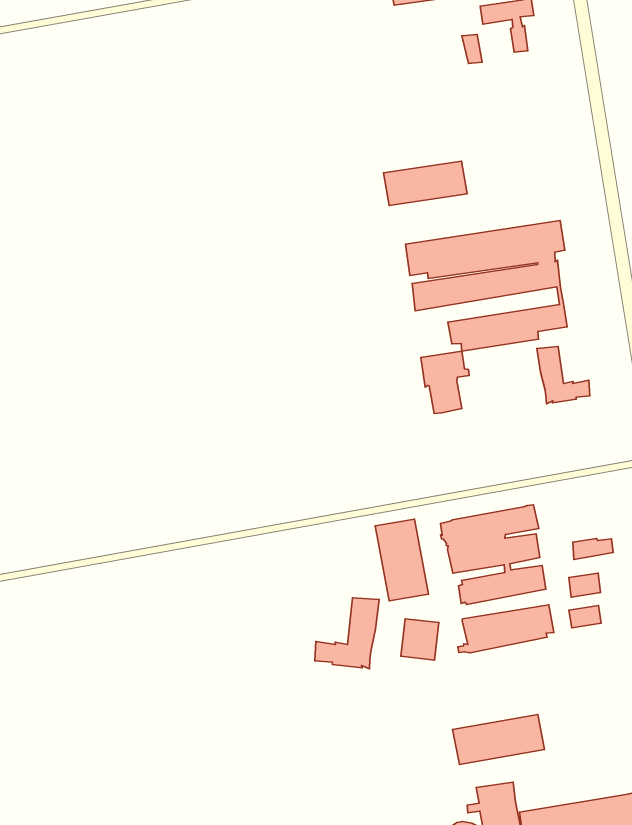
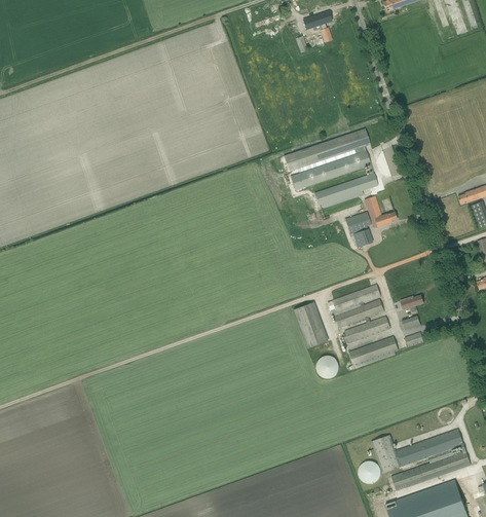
building: [384,161,467,206] -> none
building: [421,351,469,413] -> [345,212,373,248]
building: [315,598,379,669] -> none
building: [453,715,545,764] -> none

